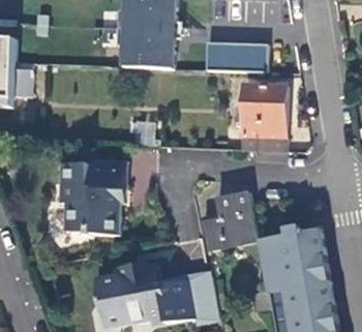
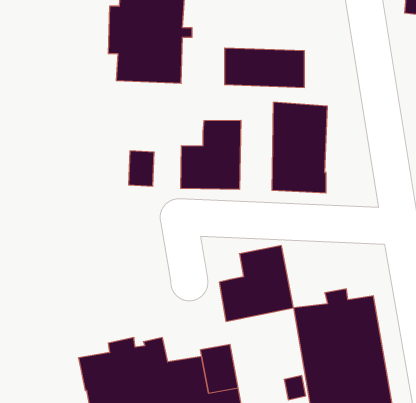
building: none -> [181,120,241,189]
building: [61,158,125,233] -> none

